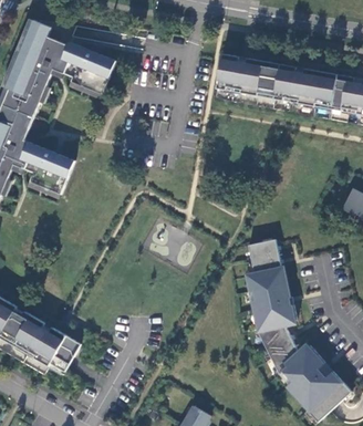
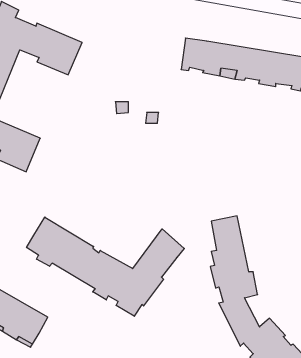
building: none -> [27,217,184,316]

